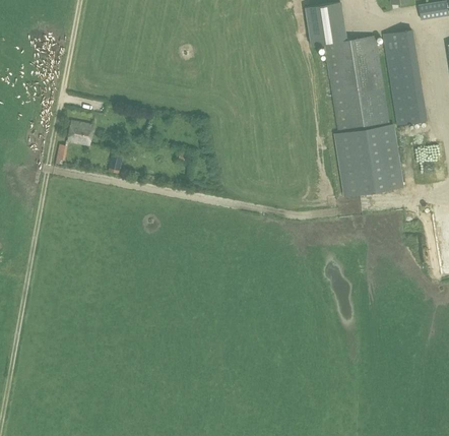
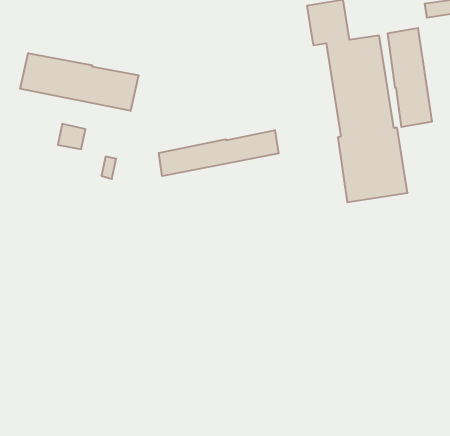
building: none -> [20,53,139,111]
building: none -> [159,130,279,176]

